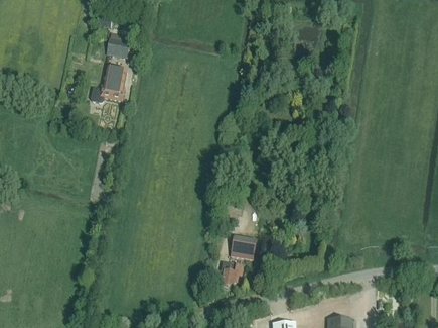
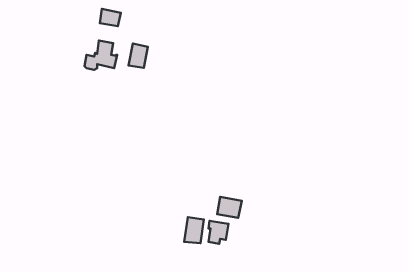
building: none -> [128,44,148,68]
building: none -> [184,217,204,243]

